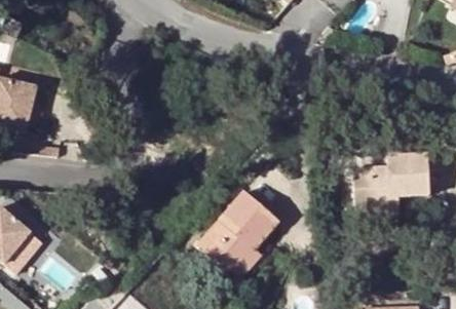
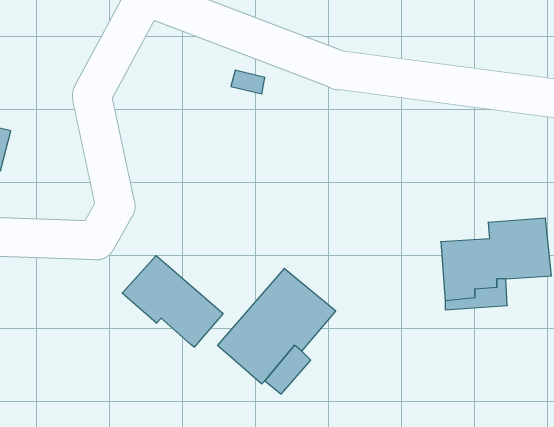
building: none -> [122,256,223,347]

